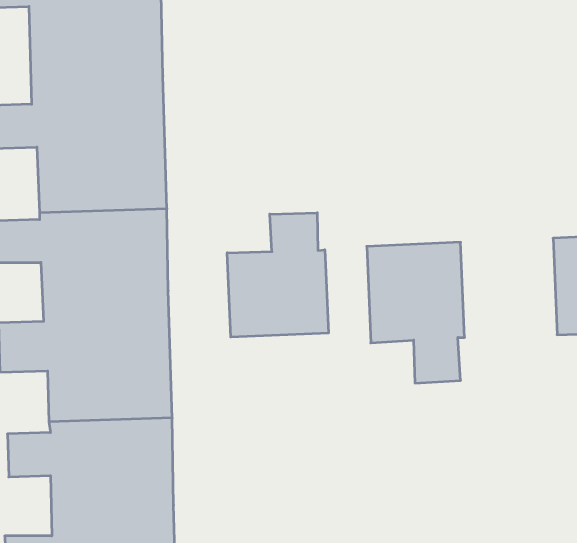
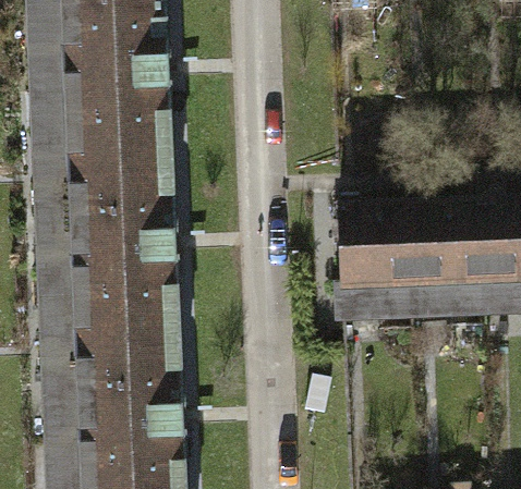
building: [227,213,328,337] -> none
building: none -> [412,205,490,319]

